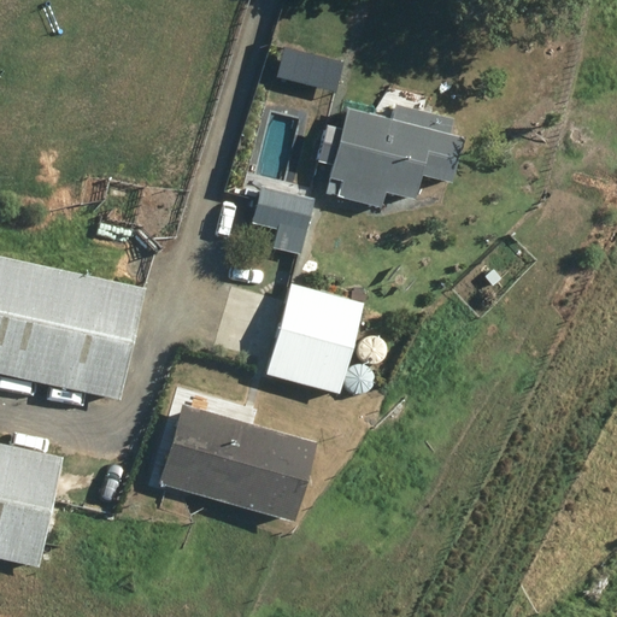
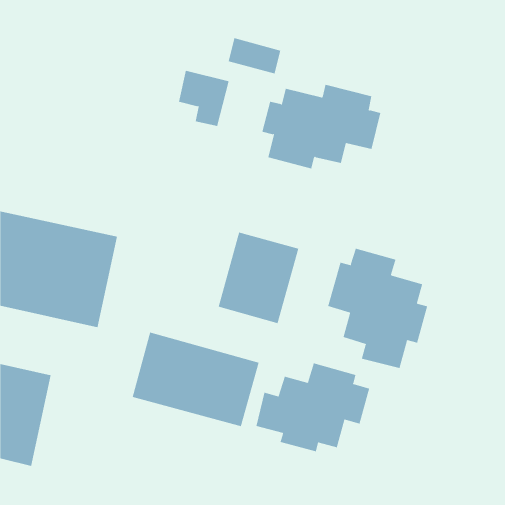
building: [252,184,315,253] -> [178,70,230,127]
building: none -> [328,248,428,369]
building: none -> [256,363,370,452]

